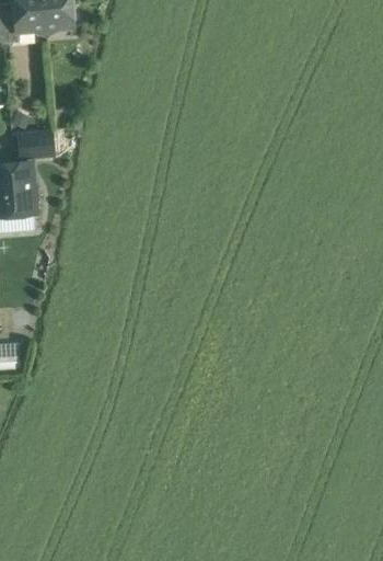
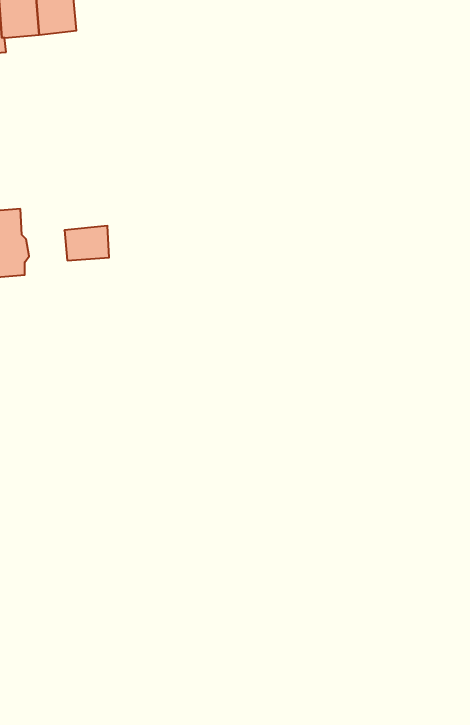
building: [19,130,53,157] -> [64,226,109,260]

